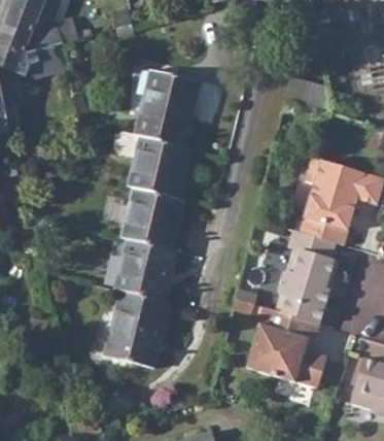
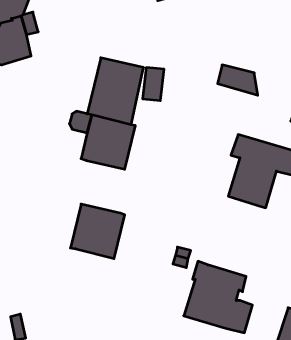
building: [121,188,183,248] -> none
building: [273,228,339,321] -> none
building: [105,290,171,368] -> none

